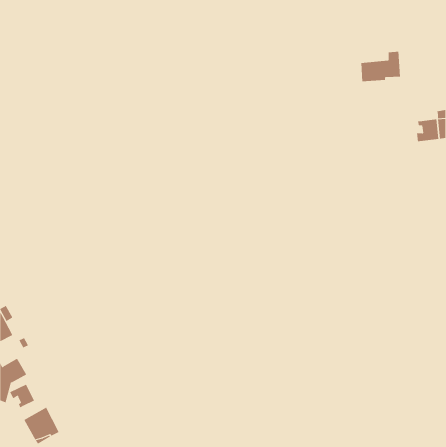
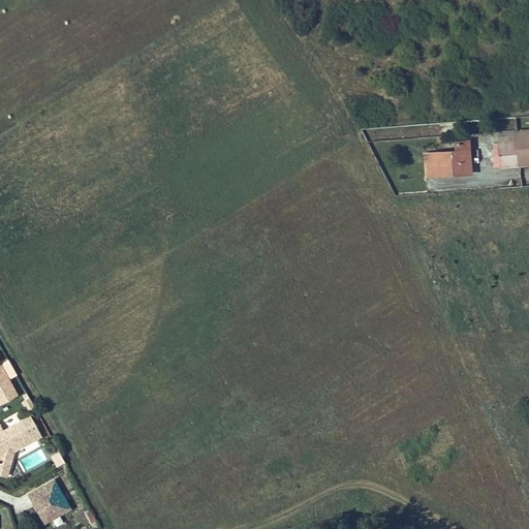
building: [361,51,401,82] -> [424,141,471,177]
building: [10,384,35,409] -> none

